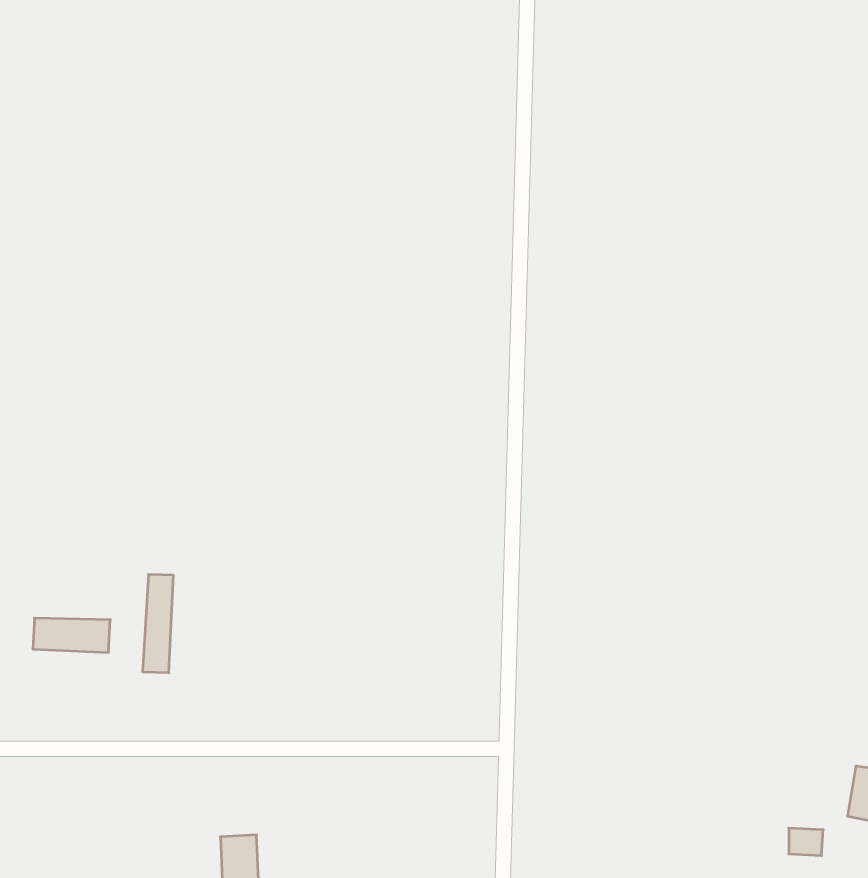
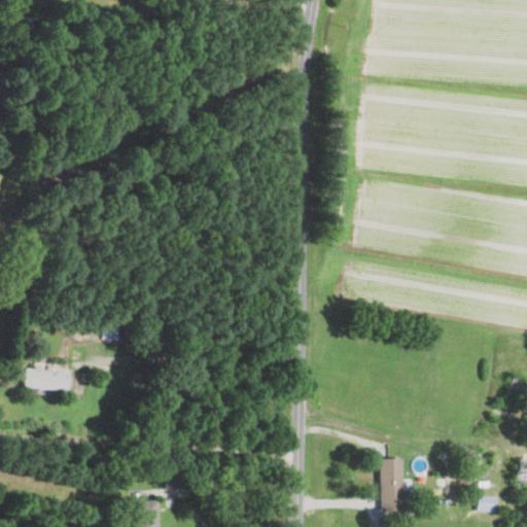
building: [143,574,173,673] -> none
building: none -> [379,458,405,511]

